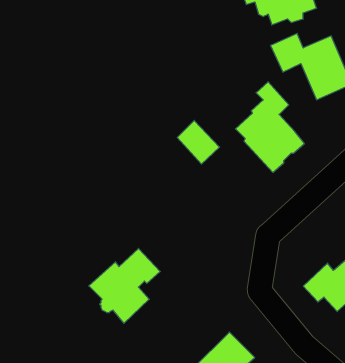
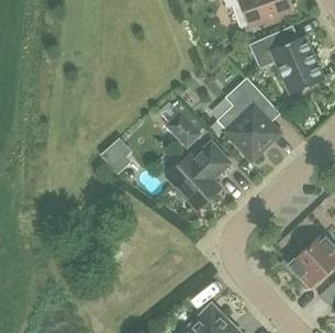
building: none -> [100,136,132,173]
building: [89,248,160,323] -> [166,141,231,209]

